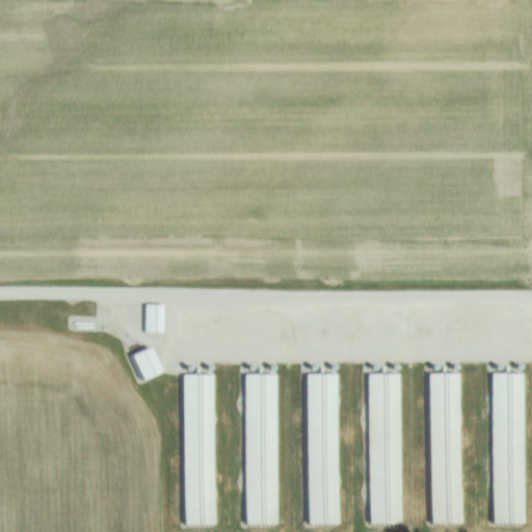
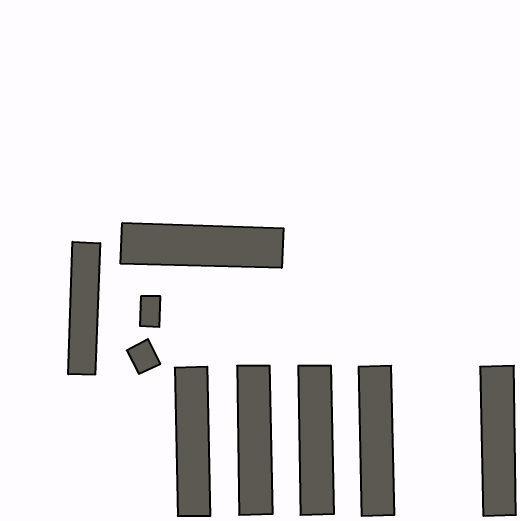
building: none -> [121,223,284,268]
building: none -> [68,242,100,375]
building: [426,372,462,525] -> none

